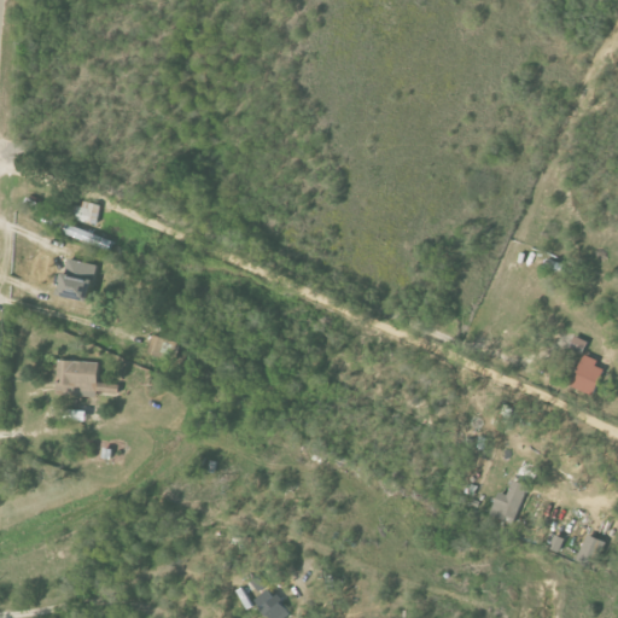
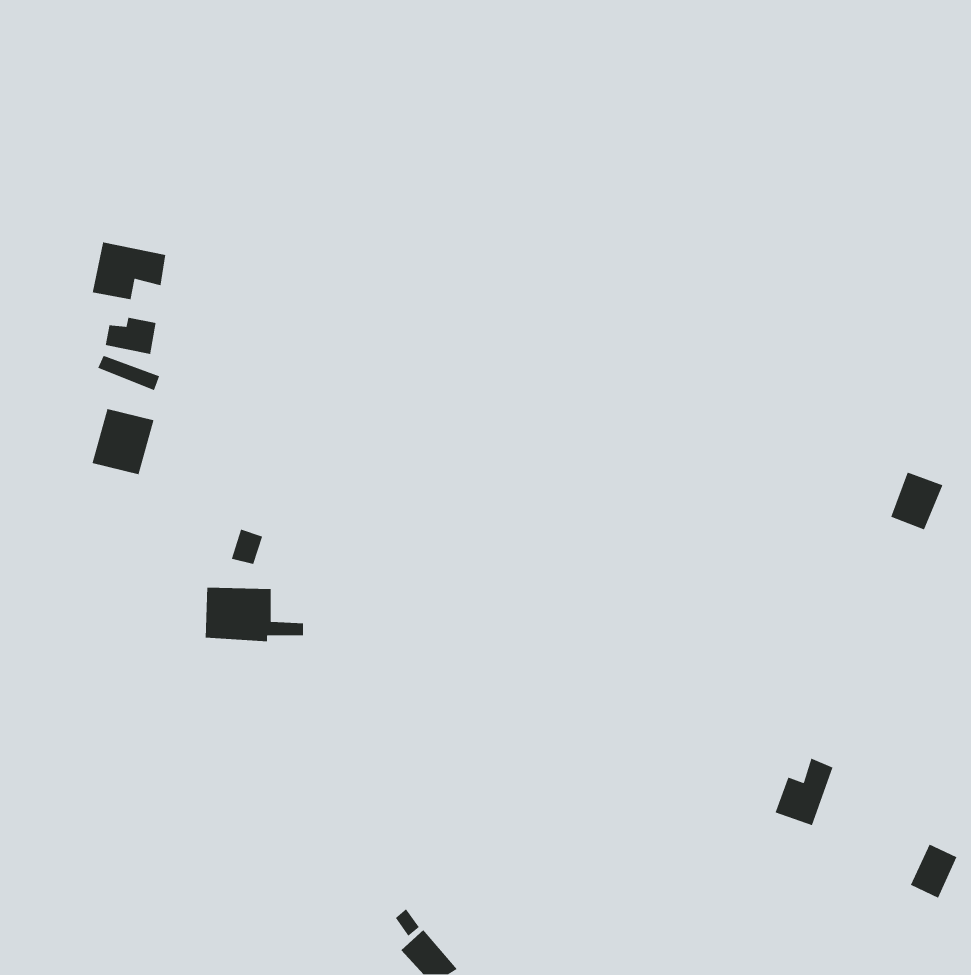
building: none -> [92,242,166,300]
building: [571,357,605,395] -> [890,471,944,531]
building: [56,361,118,396] -> [205,587,304,642]

